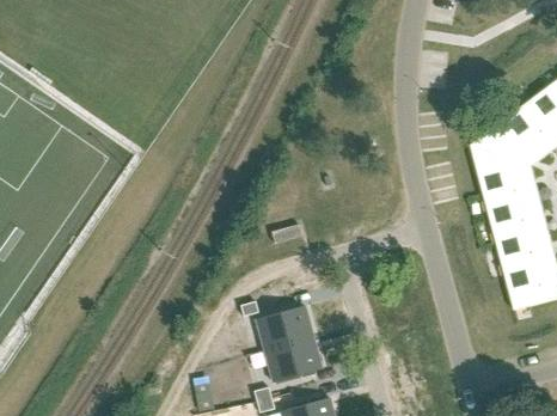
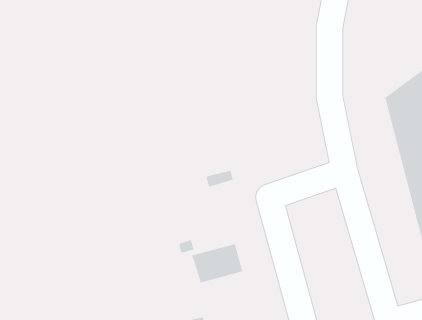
building: [265,337,323,383] -> none

